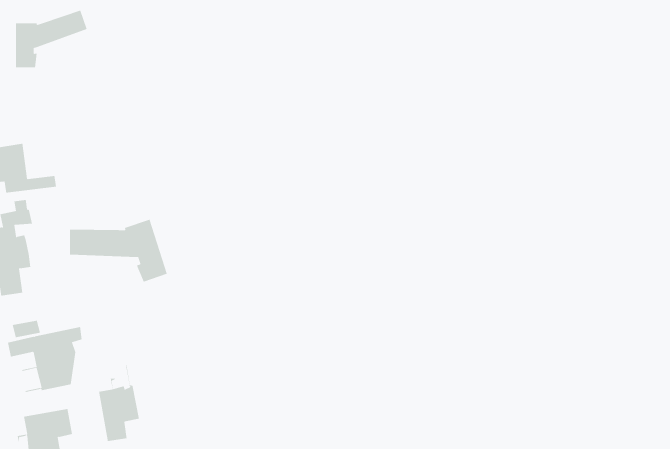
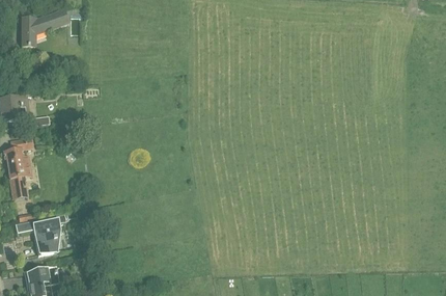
building: [70,219,167,282] -> none
building: [98,365,140,442] -> none

